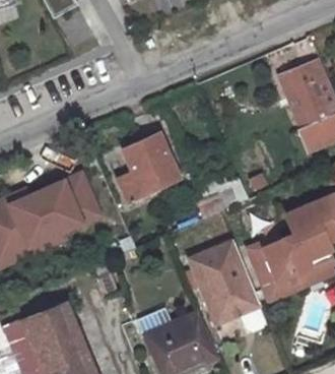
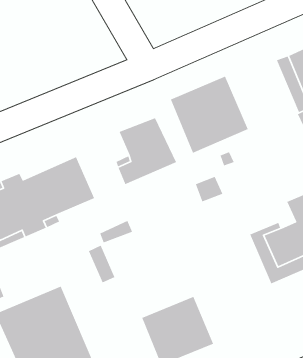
building: none -> [170,76,249,154]
building: [183,241,265,331] -> none

